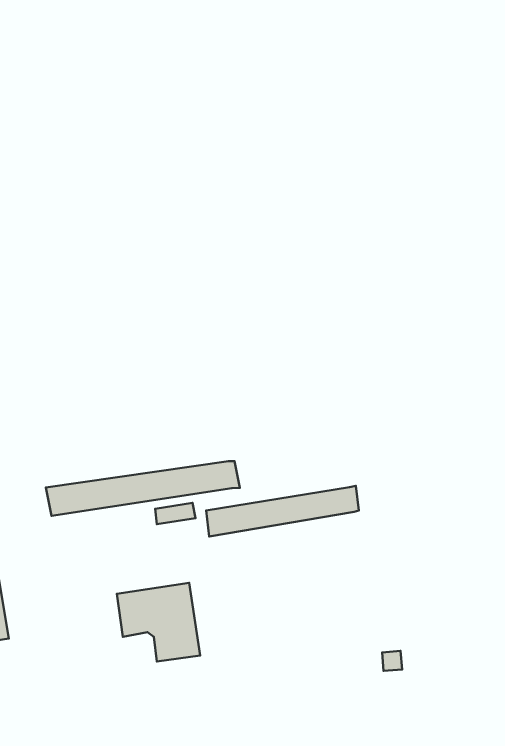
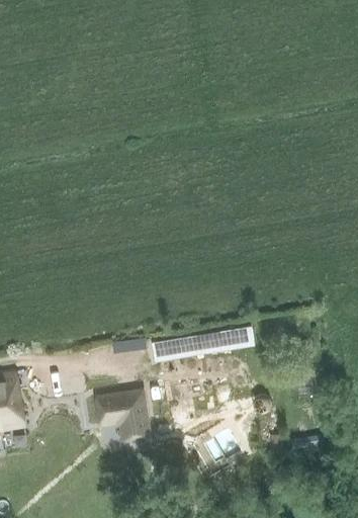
building: [46,461,240,516] -> none

